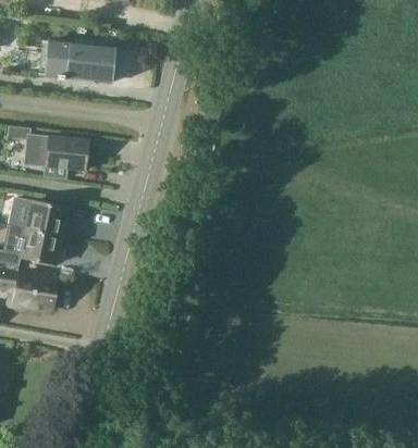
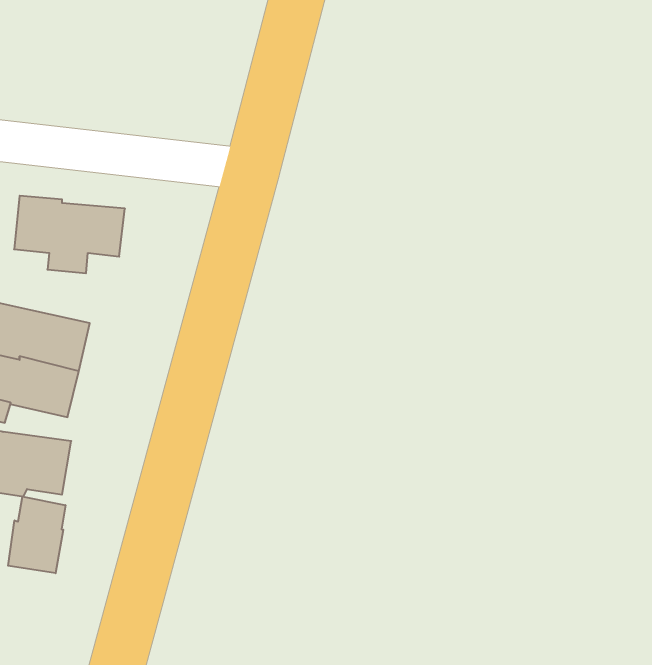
building: [45,39,114,84] -> none
building: none -> [8,496,65,573]

